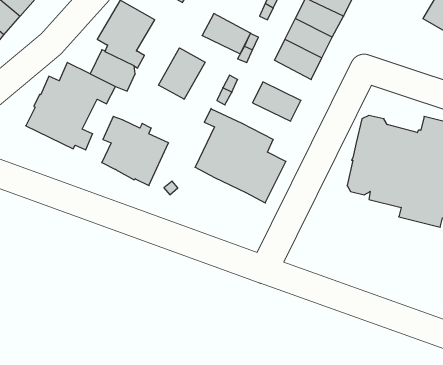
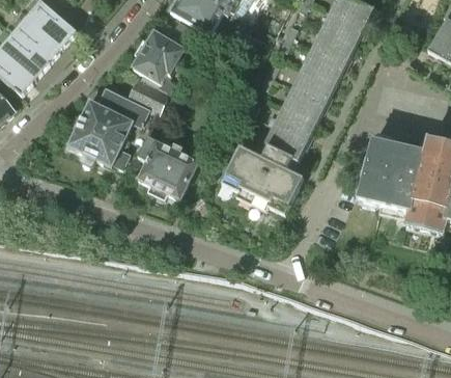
building: [202,14,251,54] -> [283,85,327,122]
building: [159,48,205,99] -> none
building: none -> [264,124,308,160]

